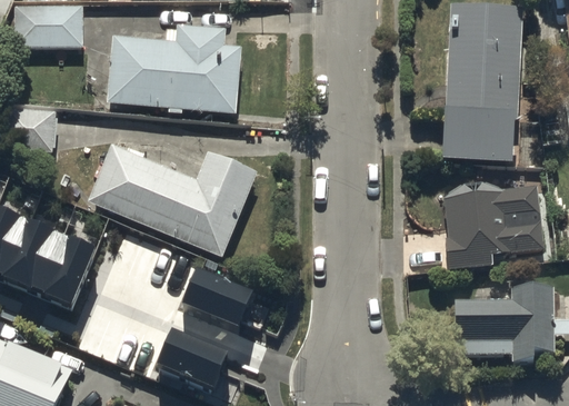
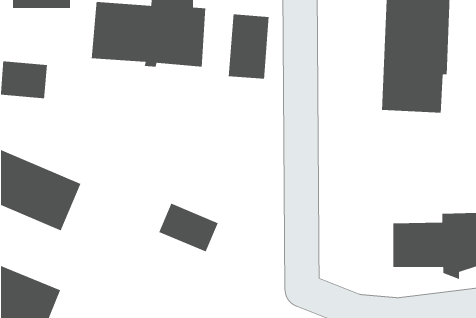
building: none -> [228,14,270,80]
building: [84,142,256,258] -> none
building: [442,179,545,269] -> none
building: [159,329,228,386] -> none

